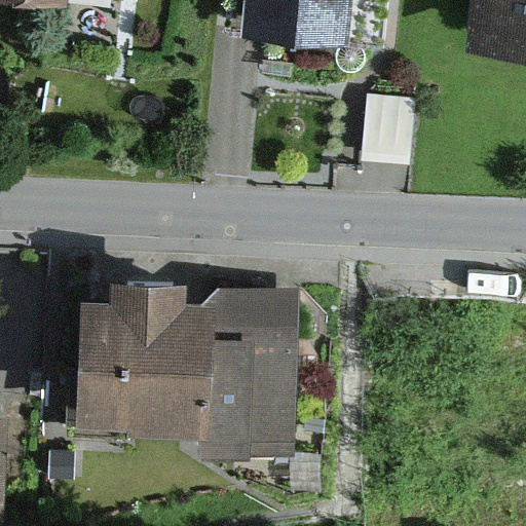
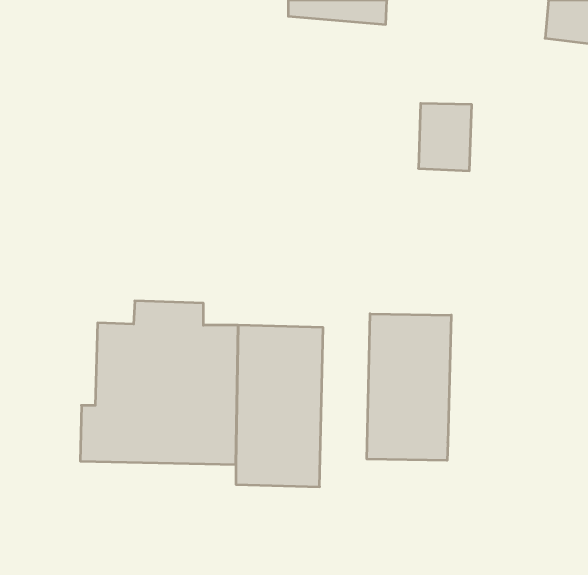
building: none -> [367,314,451,460]

